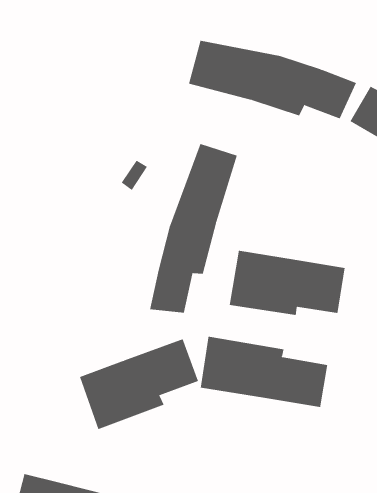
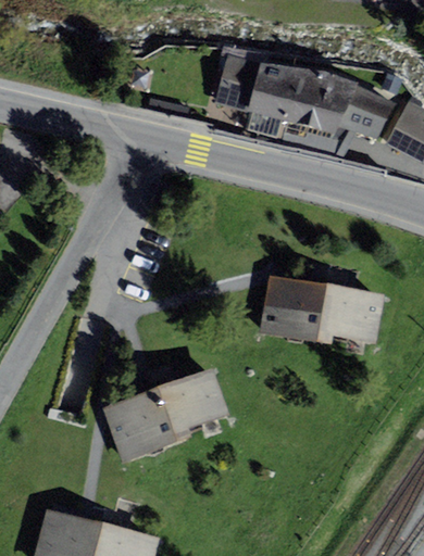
building: [149,143,238,313] -> none
building: [200,336,328,408] -> none

